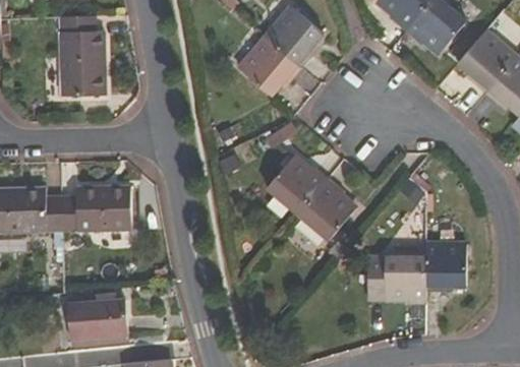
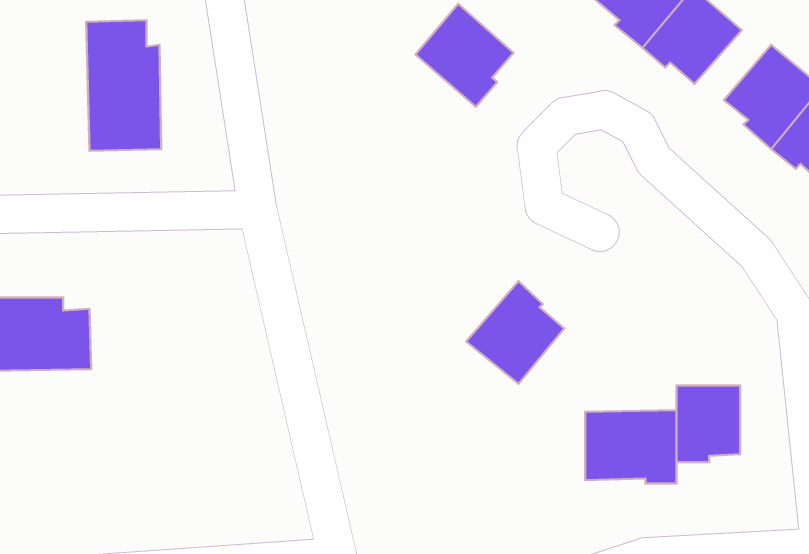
building: [236,36,301,97] -> none
building: [266,155,328,215] -> none
building: [60,184,131,232] -> none
building: [67,294,128,339] -> none

